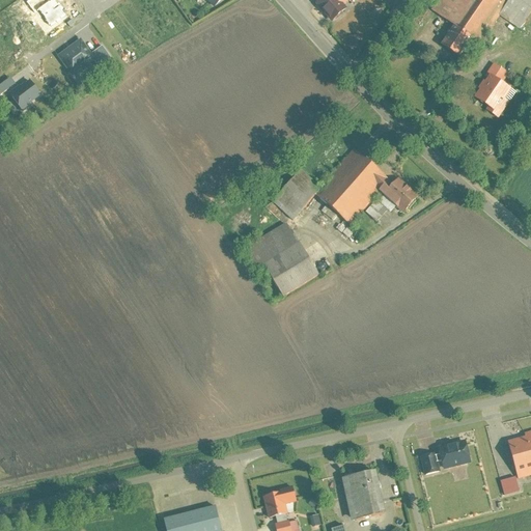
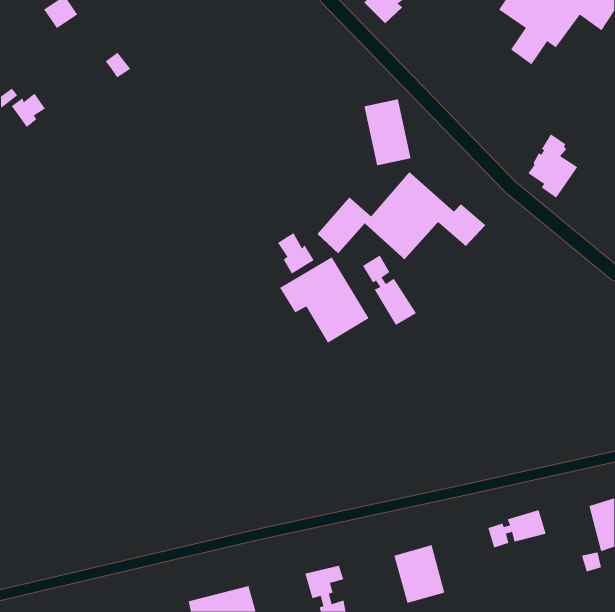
building: [60,39,94,73] -> none
building: [473,61,516,117] -> [528,133,578,198]
building: none -> [364,99,411,166]
building: none -> [277,232,315,274]
building: none -> [362,255,417,326]

